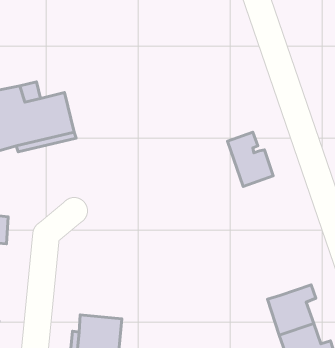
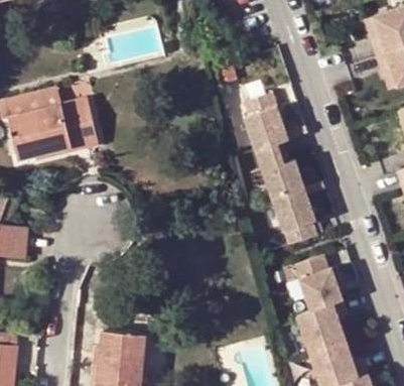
building: none -> [242,92,287,150]
building: none -> [271,186,315,245]
building: none -> [293,254,342,310]

